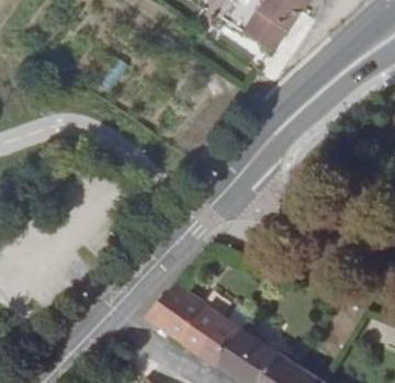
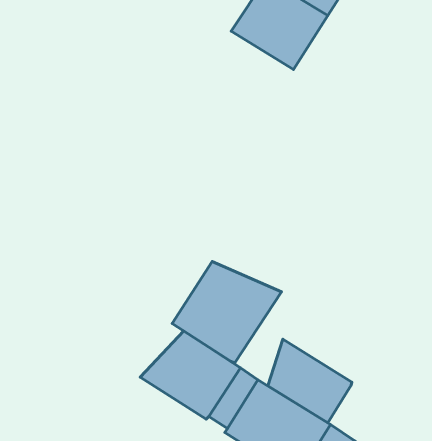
building: none -> [172,262,282,363]
building: none -> [268,339,352,423]

